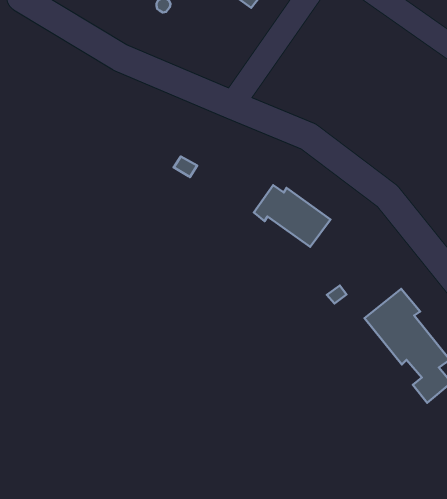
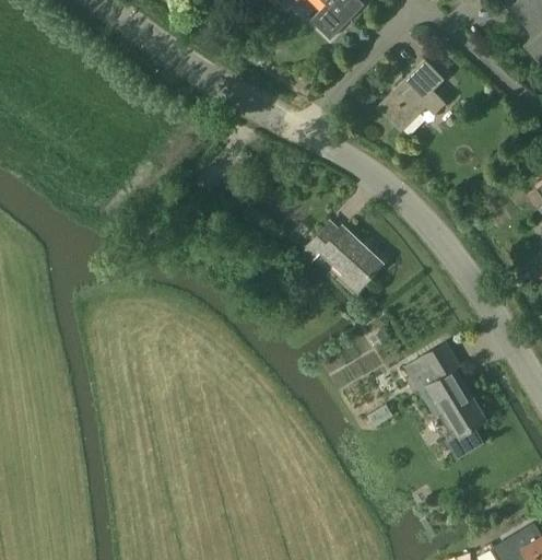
building: none -> [377,59,445,130]

